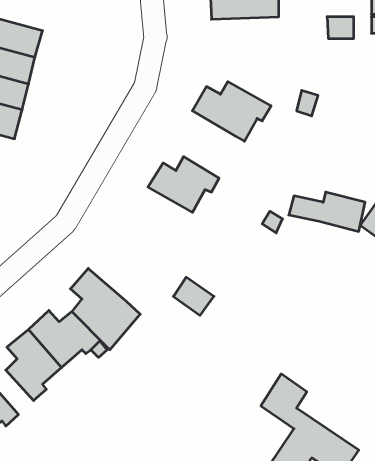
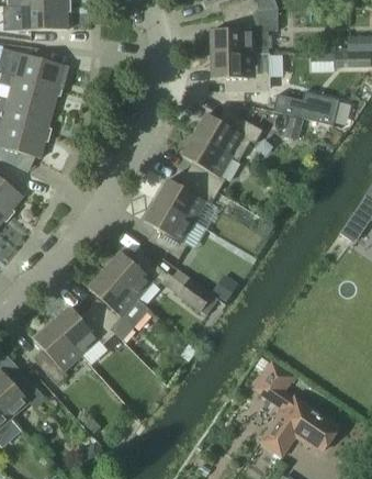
building: none -> [211,52,269,91]
building: none -> [182,133,232,191]
building: none -> [144,199,194,256]
building: [289,192,365,231] -> [273,90,339,124]
building: none -> [104,249,167,298]

